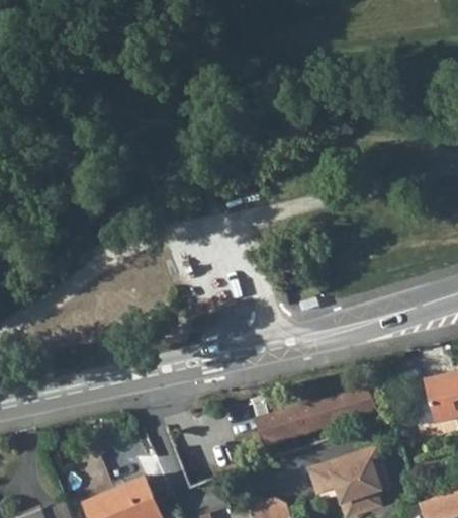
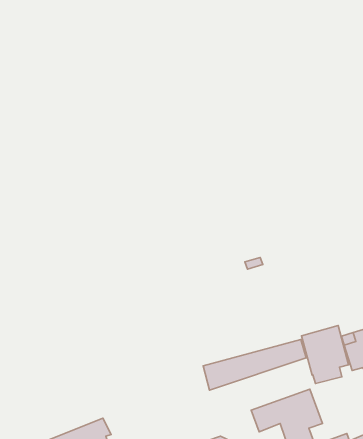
building: none -> [301,325,349,383]

